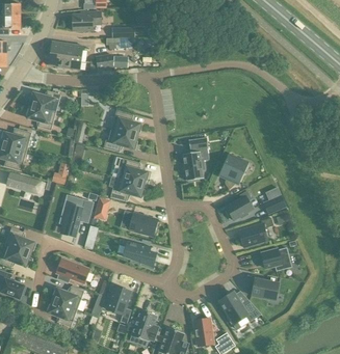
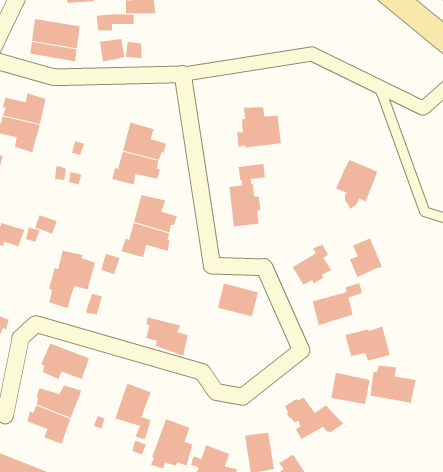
building: none -> [237,107,282,148]
building: [218,155,247,189] -> [335,159,378,210]
building: [129,212,157,235] -> [217,283,259,317]
building: none -> [370,365,416,403]

